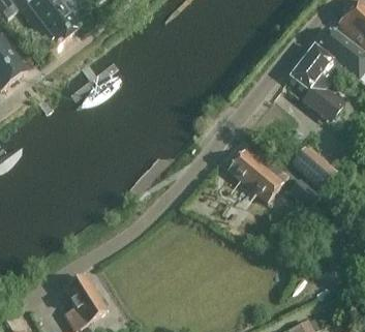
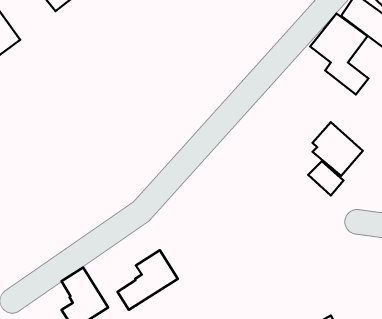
building: [227,143,288,201] -> none
building: none -> [117,250,178,310]

